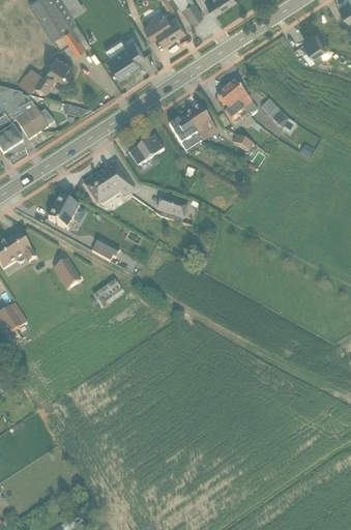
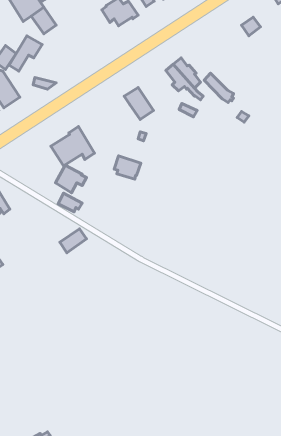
building: [106,38,143,75] -> none
building: [184,105,217,142] -> none
building: [128,134,164,165] -> none
building: [48,196,84,228] -> [55,165,87,193]
building: [53,258,80,288] -> none

